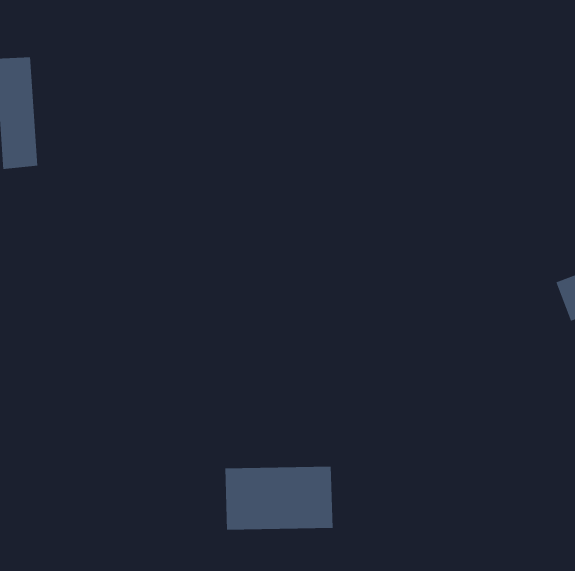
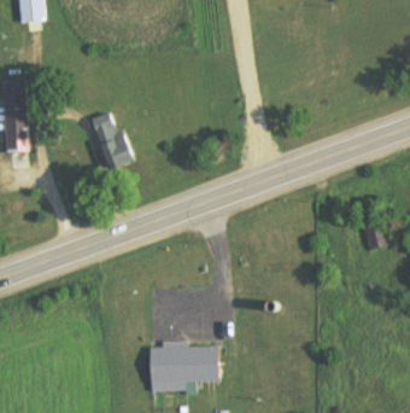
building: none -> [90,112,133,170]

